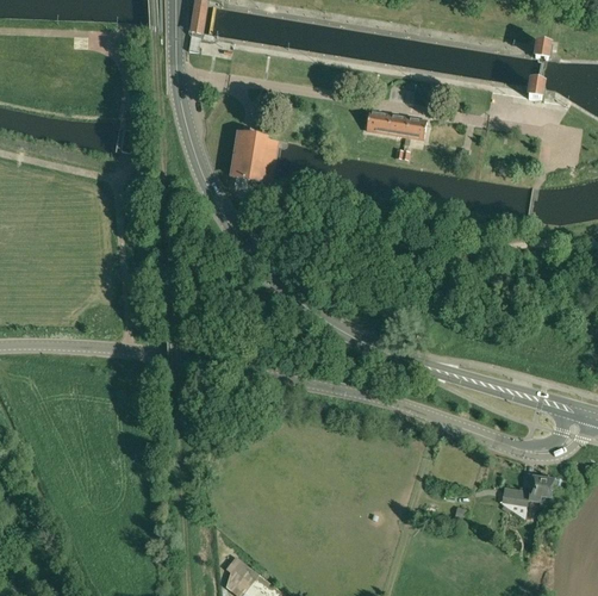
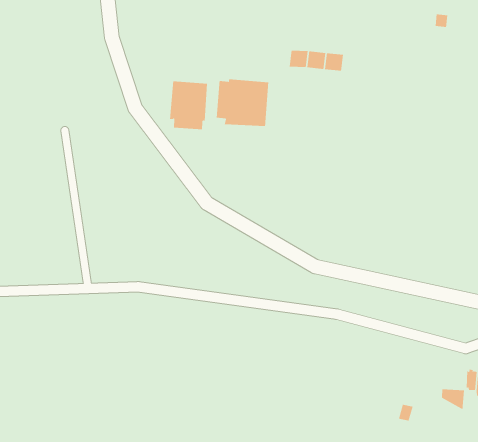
building: none -> [216,78,269,127]

